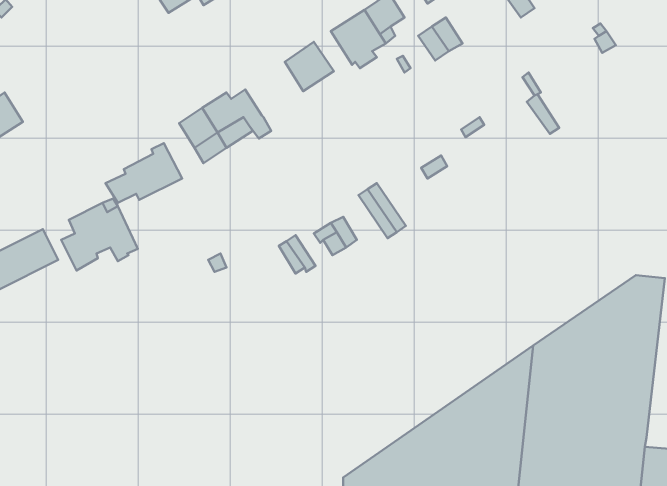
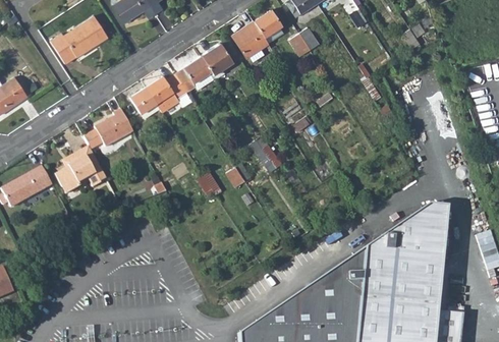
building: none -> [53,19,110,66]
building: none -> [174,56,215,92]

